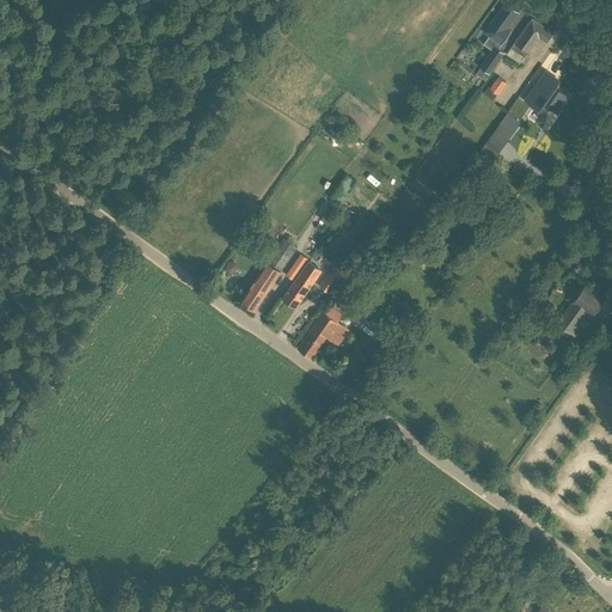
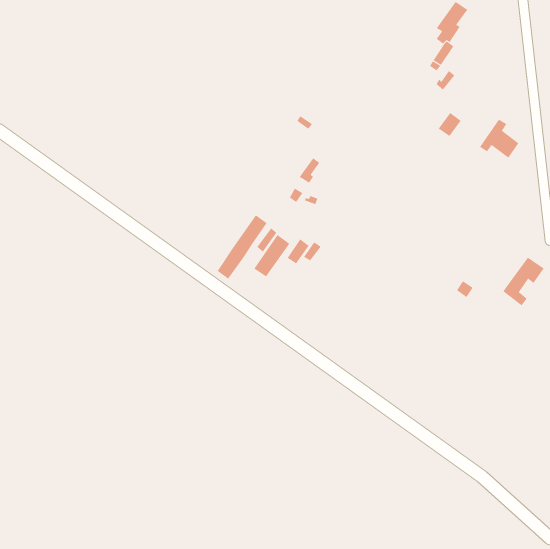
building: [506,20,552,65] -> none
building: [524,72,569,116] -> [479,119,520,159]
building: [298,306,348,360] -> none

